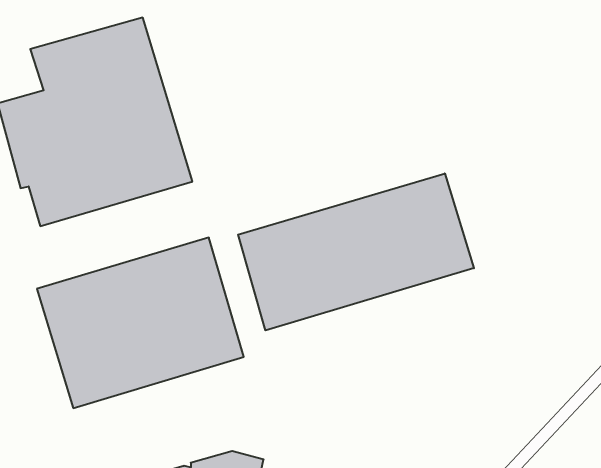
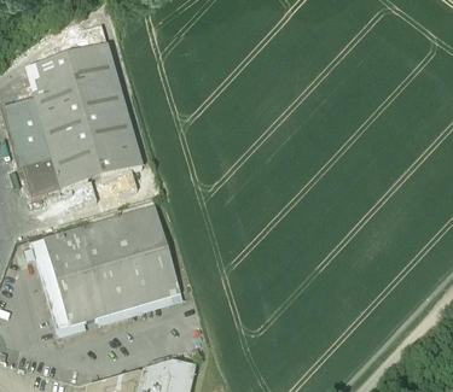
building: [238,173,474,330] -> none

